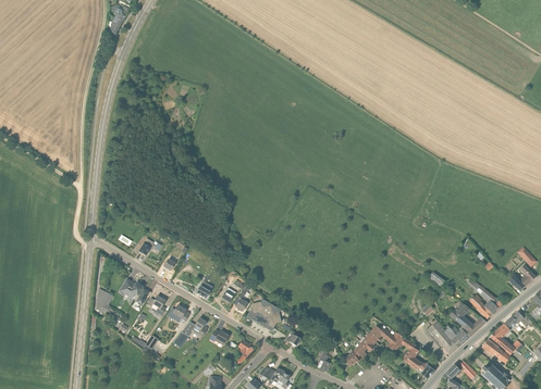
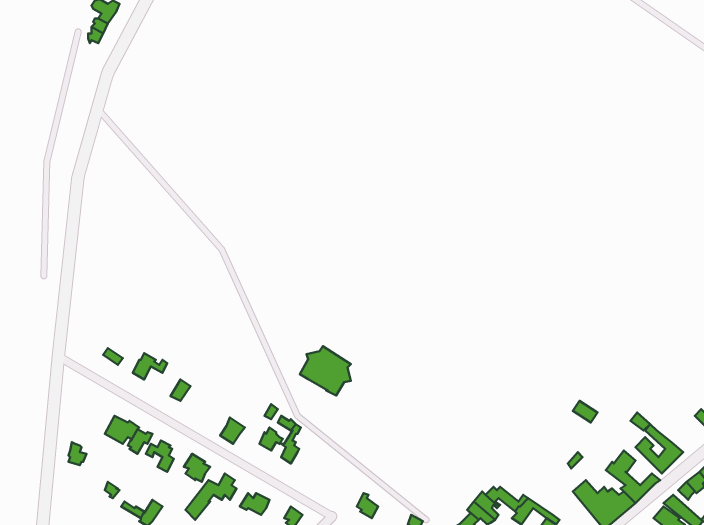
building: [247,298,281,330] -> [300,346,351,396]

